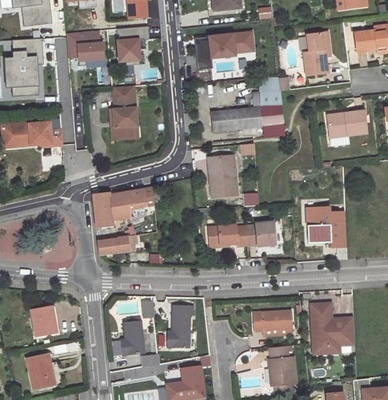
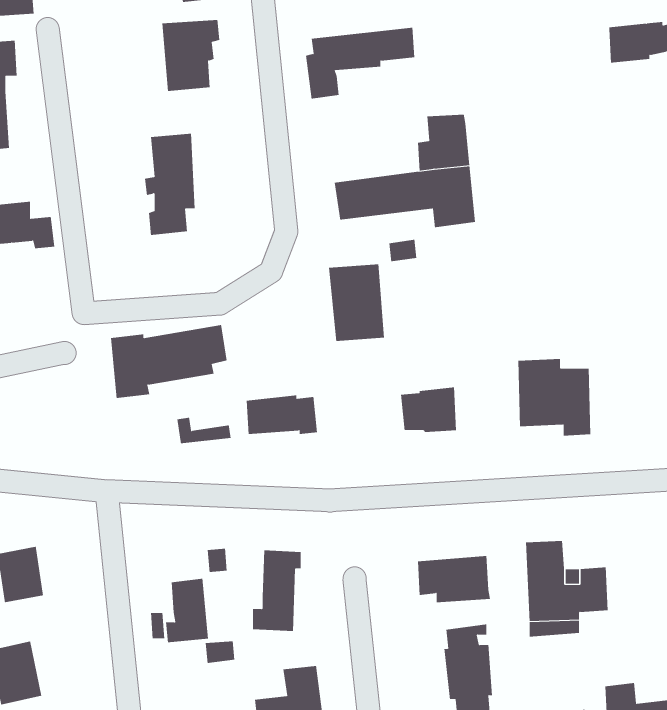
building: [66,31,103,65] -> none
building: [302,31,328,75] -> none
building: [327,110,366,137] -> none
building: [208,224,246,245] -> [246,395,318,434]
building: [95,238,128,256] -> none

